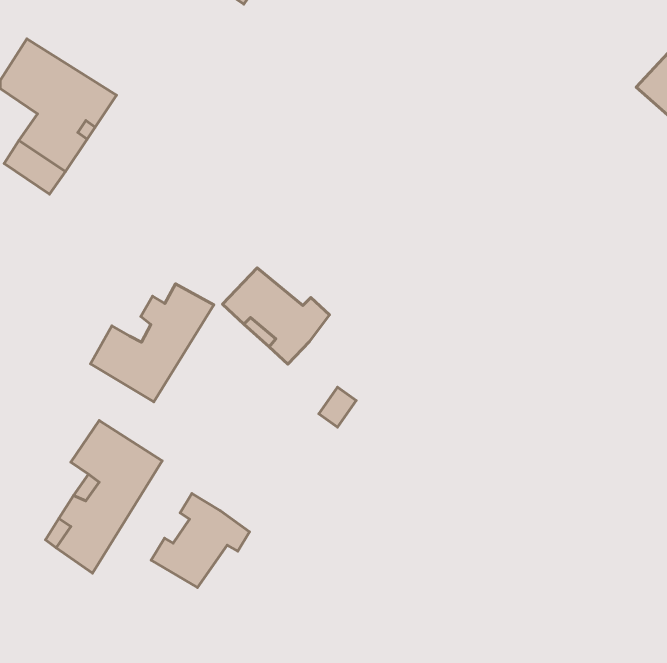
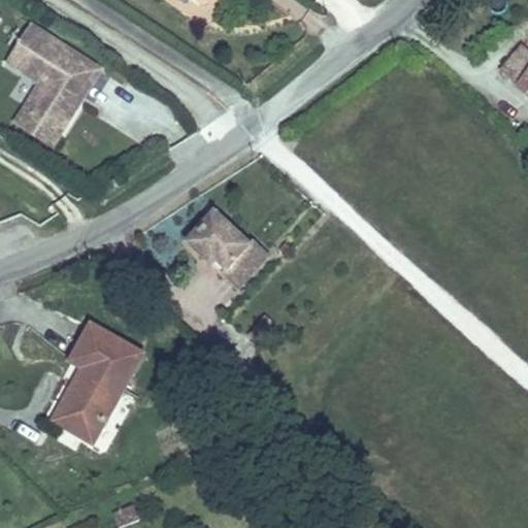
building: [91,284,214,402] -> none
building: [151,494,249,587] -> none

